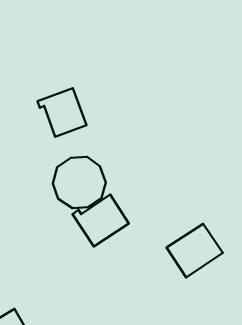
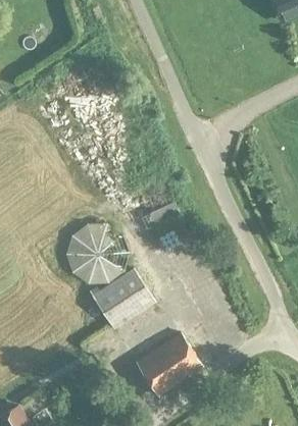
building: [38,88,86,137] -> none
building: [167,224,223,277] -> [137,331,204,395]

